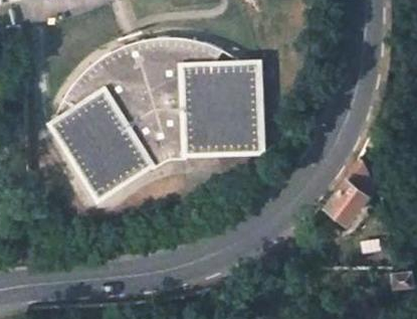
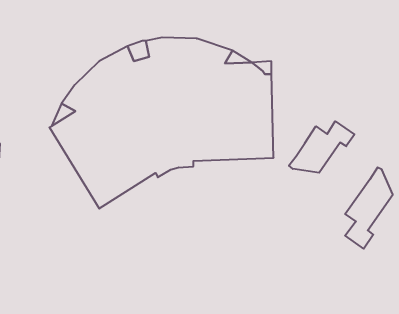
building: none -> [289,121,354,173]

